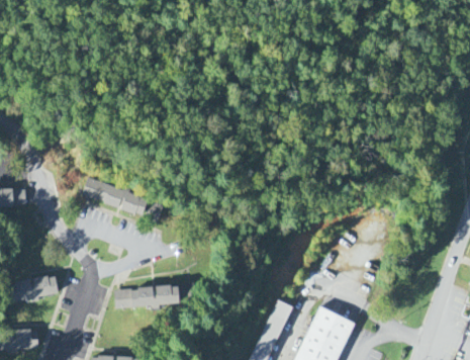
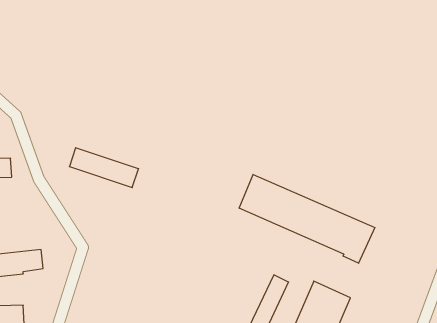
building: none -> [239,174,375,263]
building: [115,285,179,307] -> none

